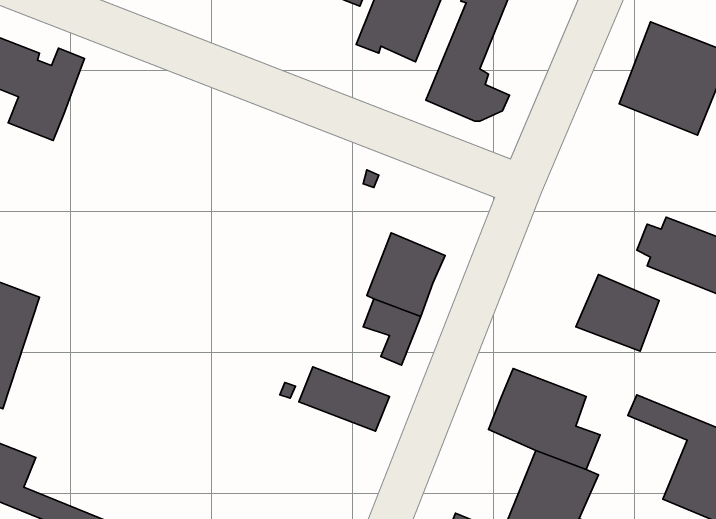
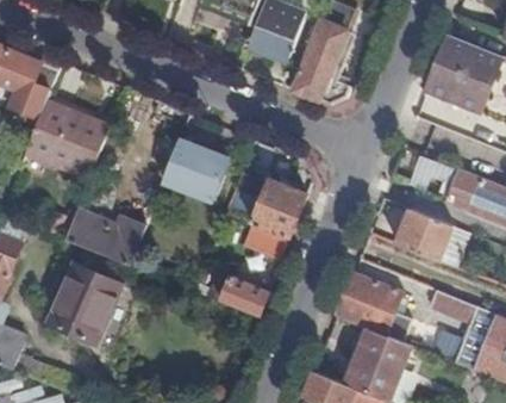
building: none -> [24,99,108,176]
building: none -> [163,140,229,200]
building: none -> [64,207,145,265]
building: none -> [50,264,121,343]

